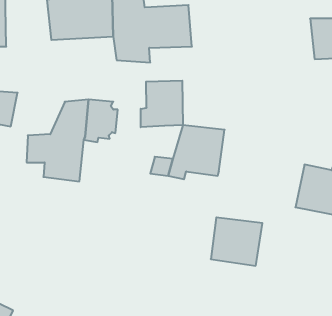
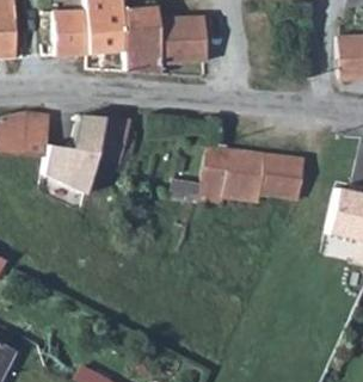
building: [141,81,183,127] -> none
building: [211,217,262,266] -> [242,150,297,202]

